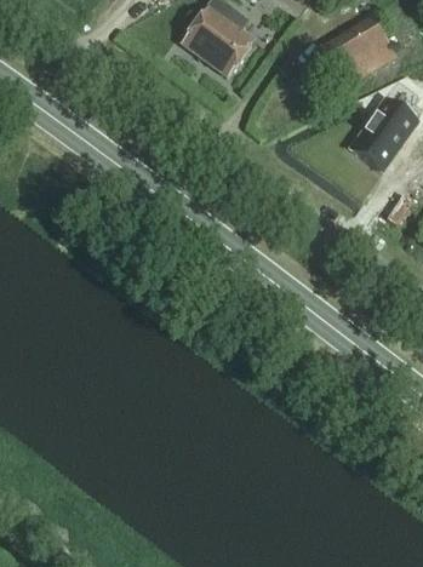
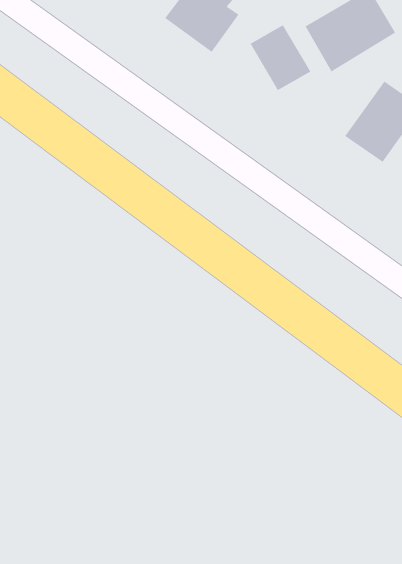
building: none -> [249,24,312,91]

